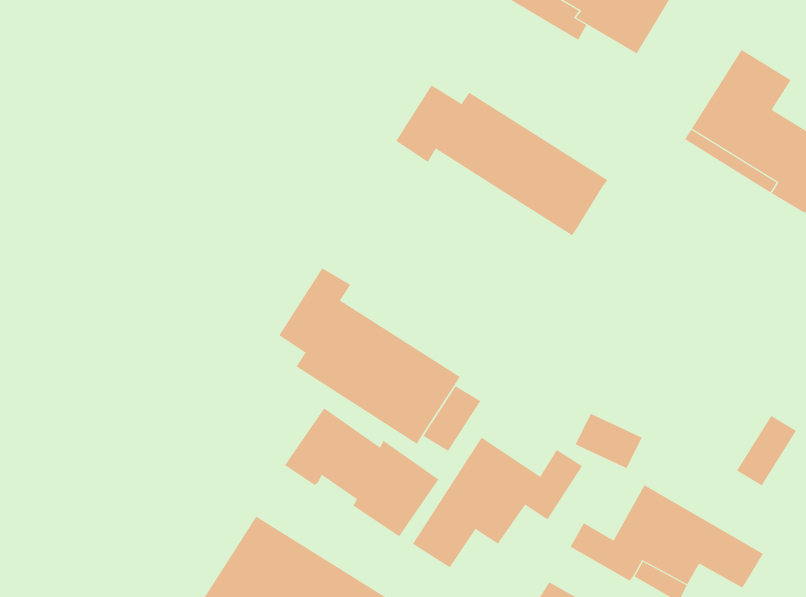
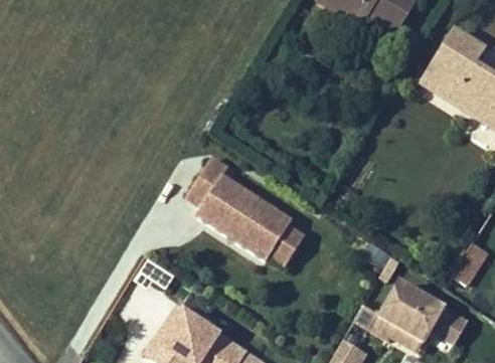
building: [396,85,608,236] -> none
building: [284,407,439,537] -> none
building: [412,437,583,568] -> none

